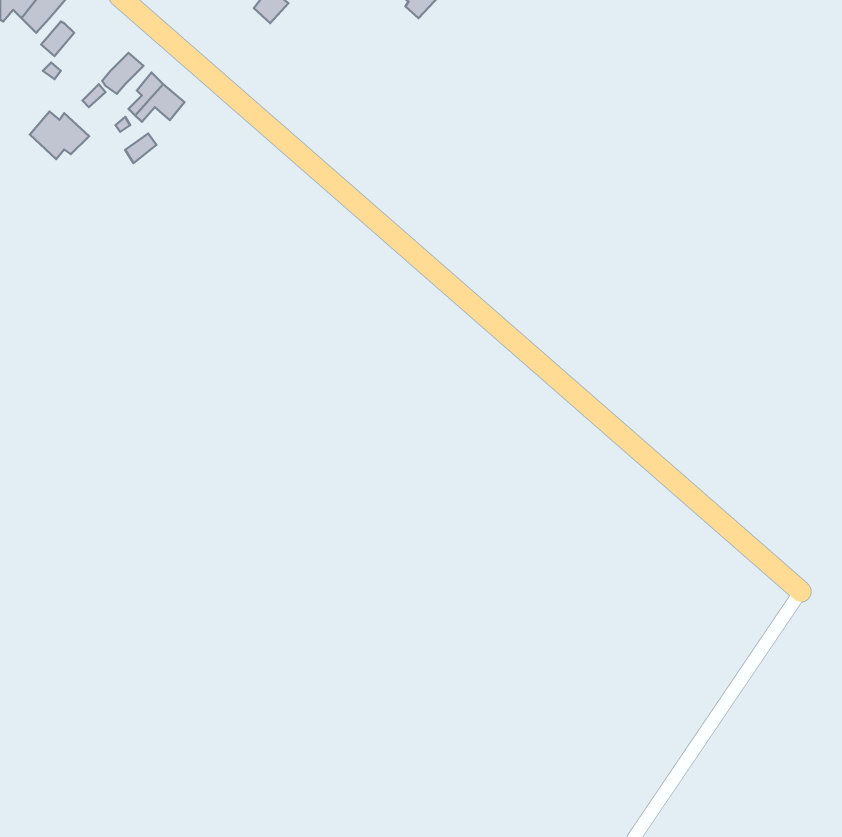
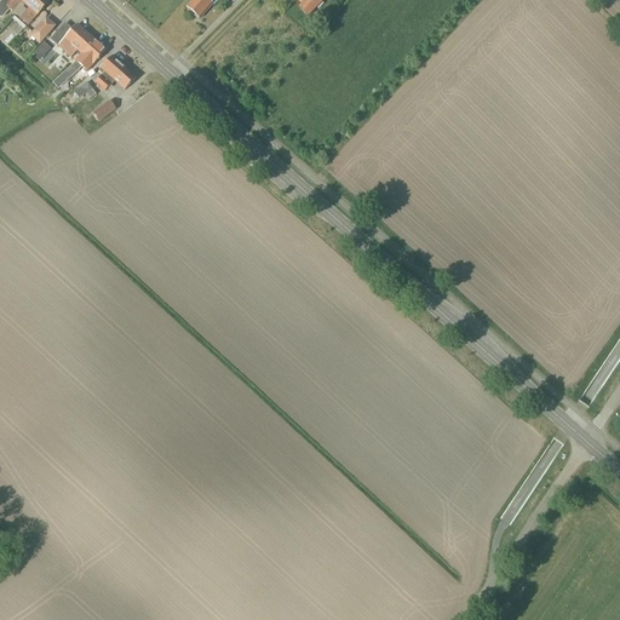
building: [30,111,89,159] -> [51,21,94,56]

